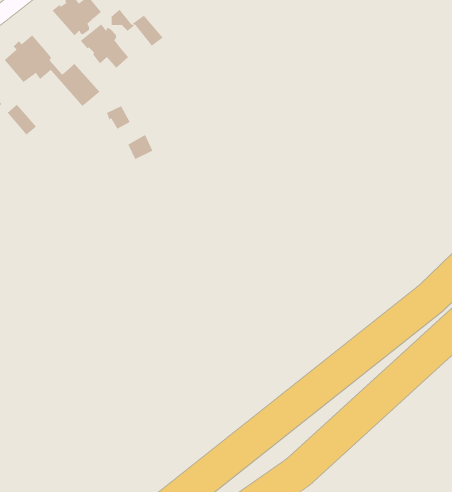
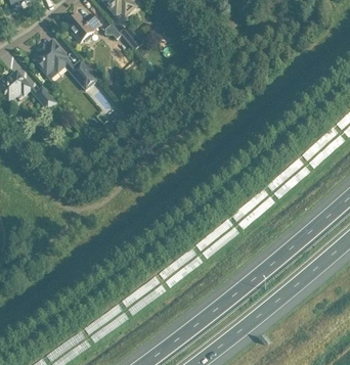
building: [80,23,129,69] -> none

